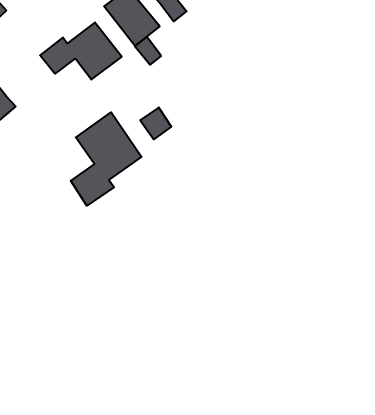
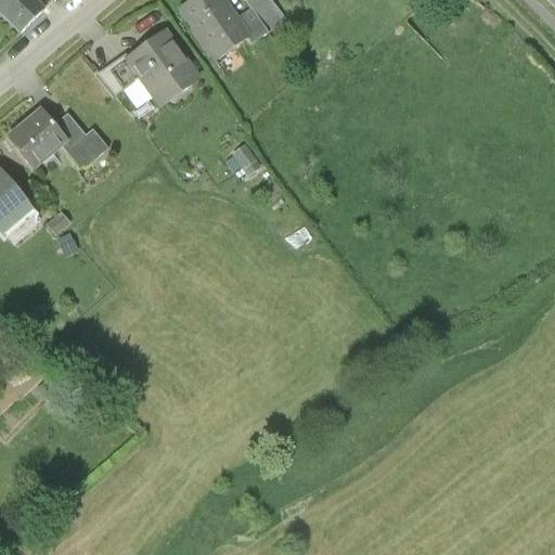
building: [135,37,161,65] -> [235,5,269,41]
building: none -> [52,113,108,172]
building: [71,112,142,206] -> none

